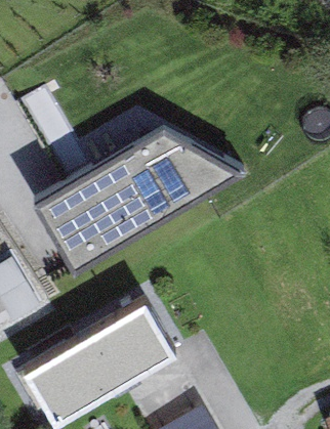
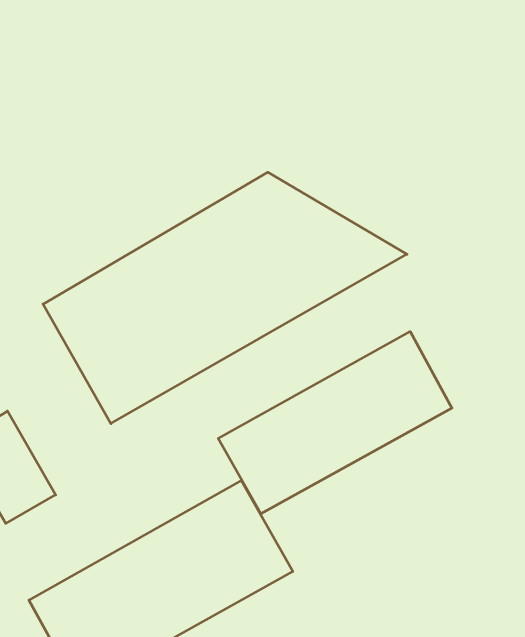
building: none -> [218,332,452,514]

